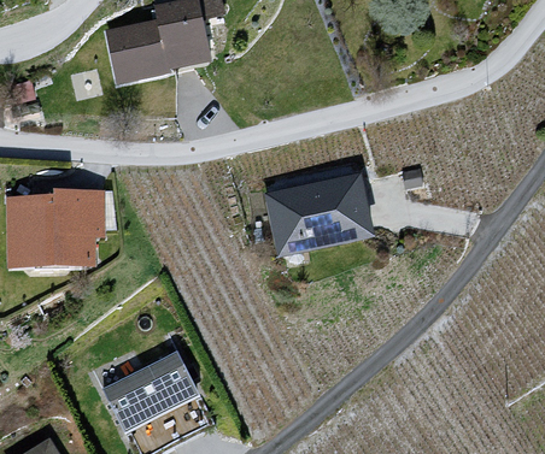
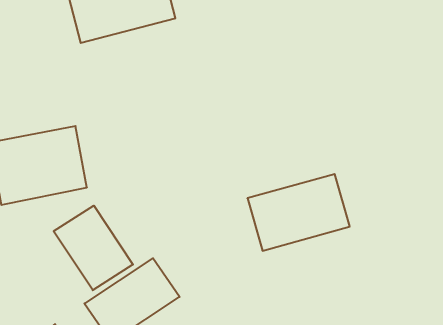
building: [246,173,358,253] -> [247,174,350,251]
building: none -> [54,206,133,290]

